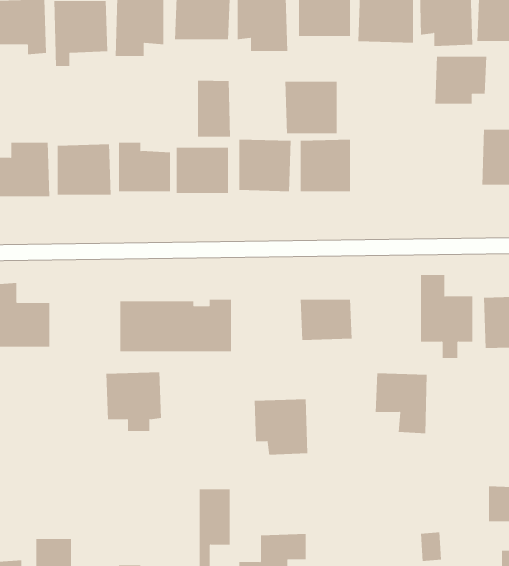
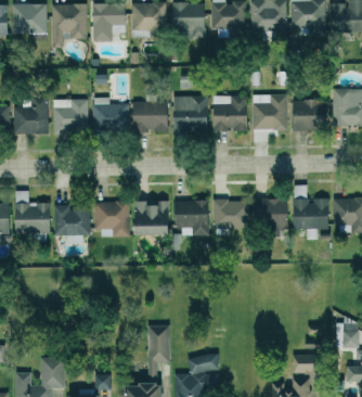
building: [434,56,487,104] -> [292,100,326,131]
building: [198,80,230,137] -> none
building: [284,81,337,134] -> [253,94,287,129]
building: [106,372,162,431] -> [53,204,90,243]
building: [375,373,428,434] -> [251,197,286,238]
building: [254,399,308,455] -> [173,200,209,236]

